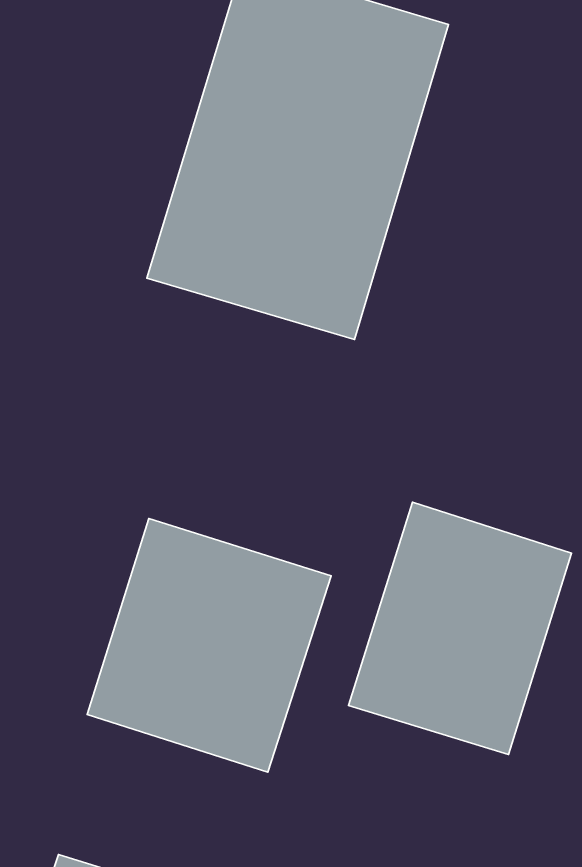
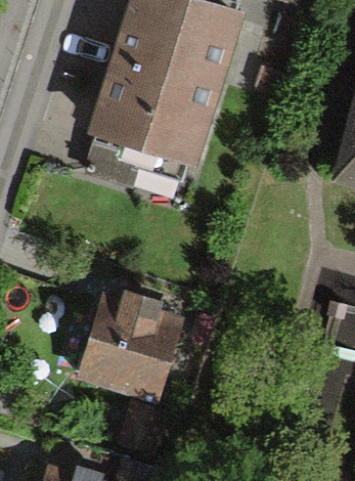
building: [348,502,572,754] -> none

